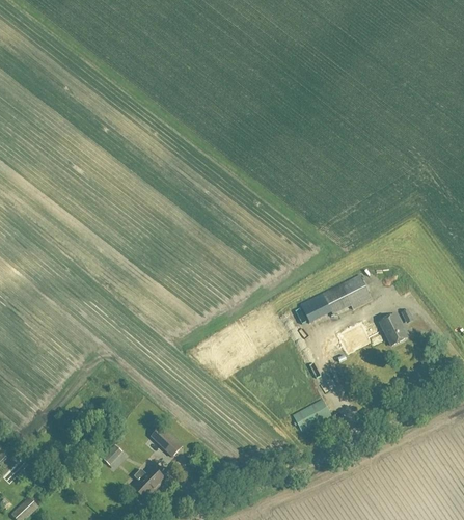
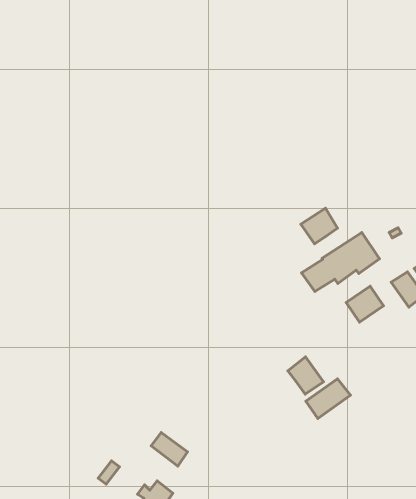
building: none -> [301,208,338,244]
building: none -> [288,357,324,394]

